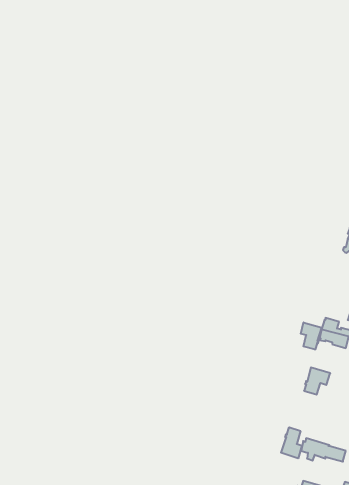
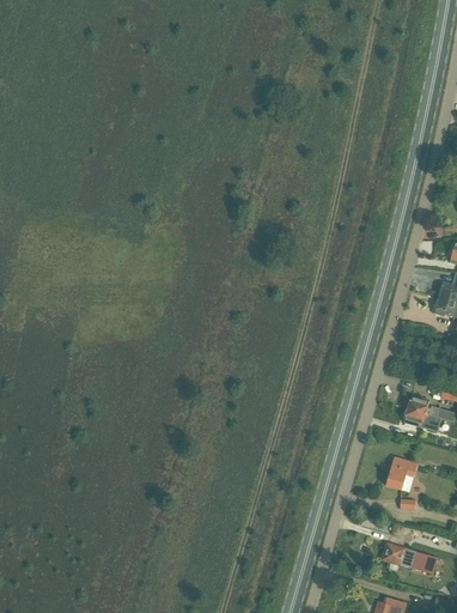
building: [301,322,322,350] -> none
building: [281,427,302,458] -> none

